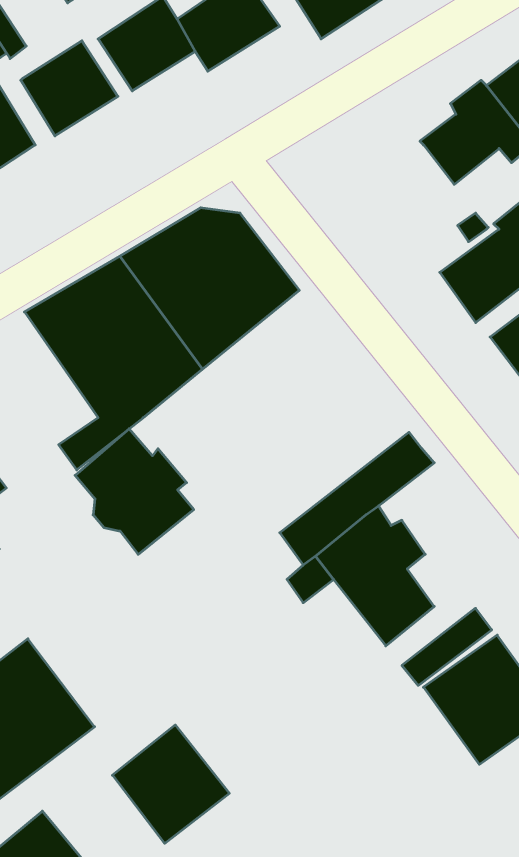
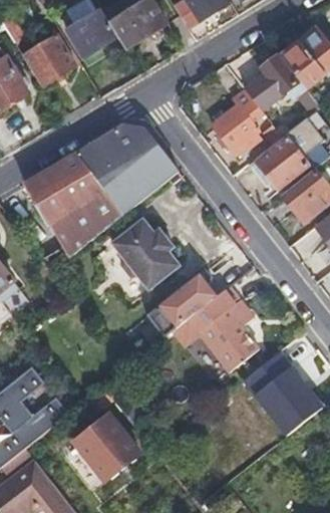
building: none -> [212,89,266,155]
building: [75,429,194,554] -> [112,217,179,287]

